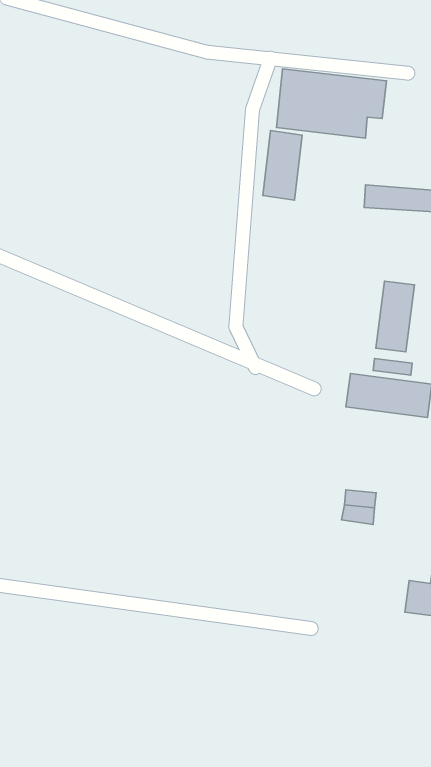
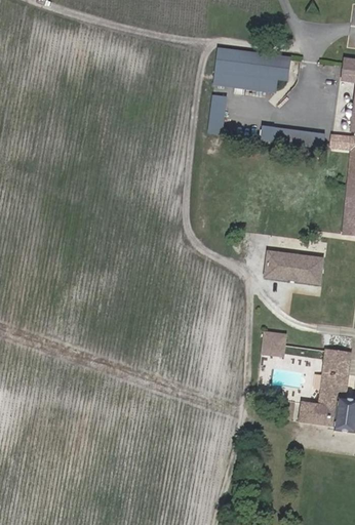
building: [376,281,414,352] -> none

